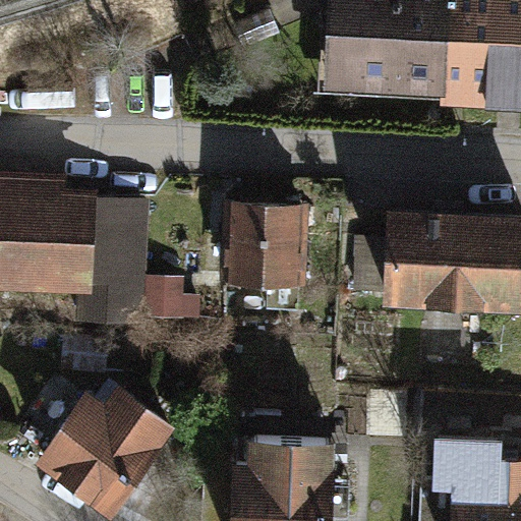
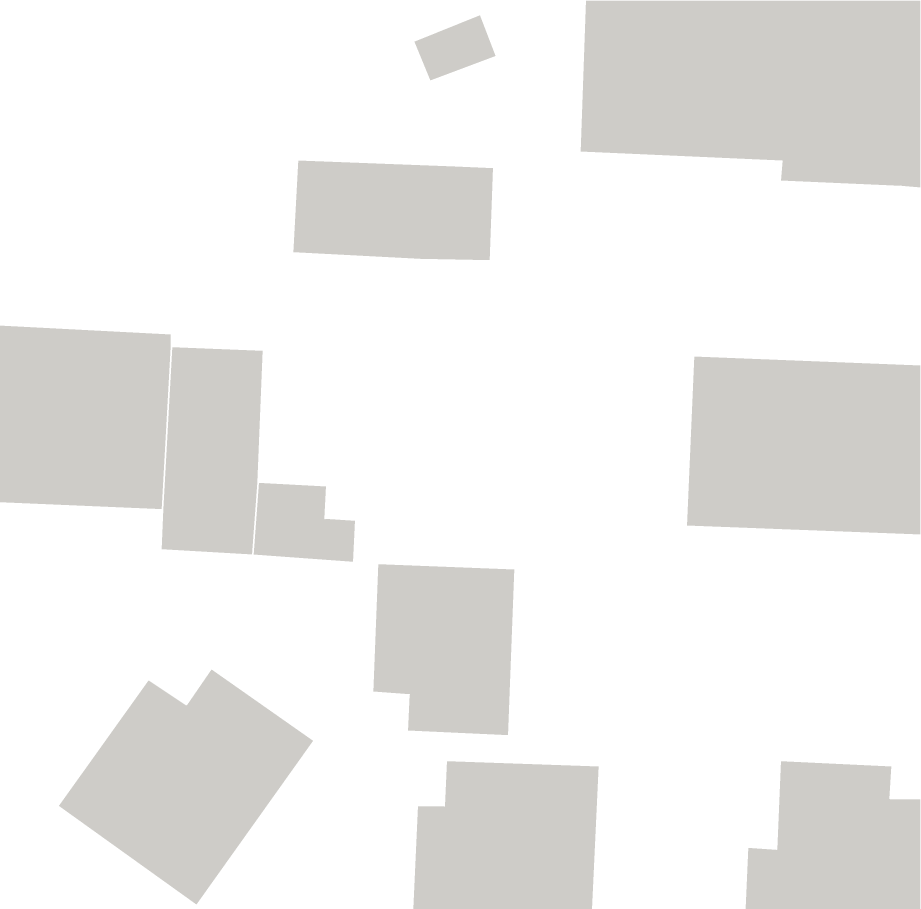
building: none -> [293,160,493,261]
building: [223,202,302,285] -> none
building: none -> [373,564,515,736]

